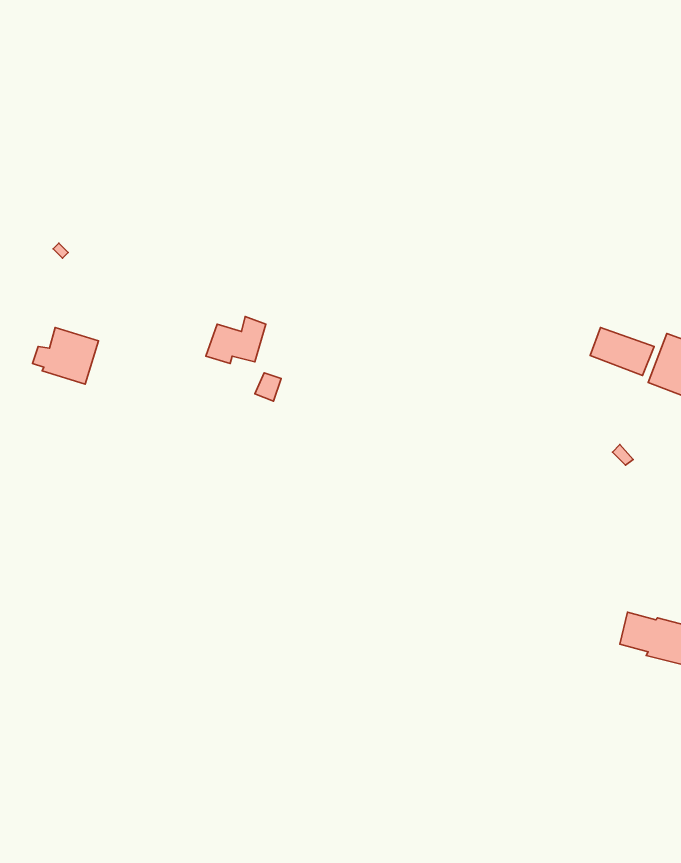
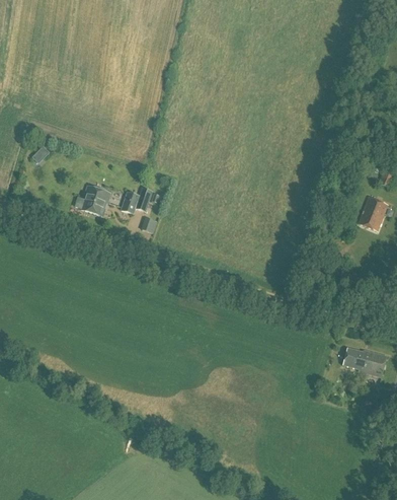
building: [33,328,99,384] -> [75,185,110,215]
building: [590,328,654,376] -> none

